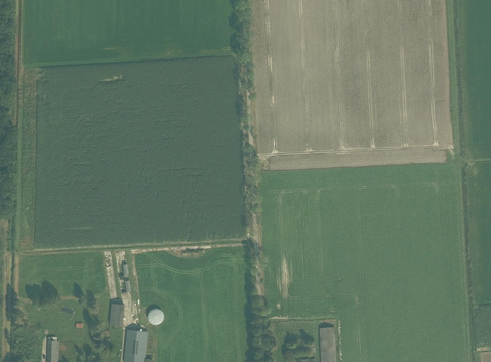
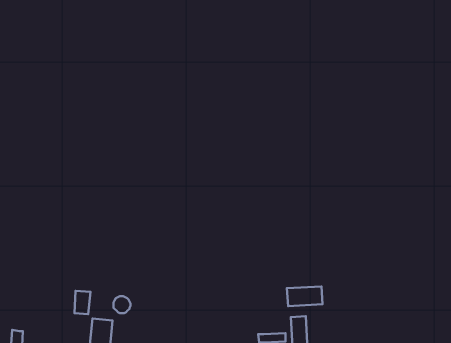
building: none -> [287,287,323,306]

